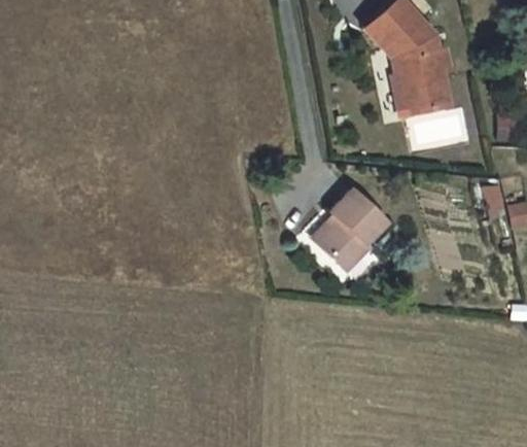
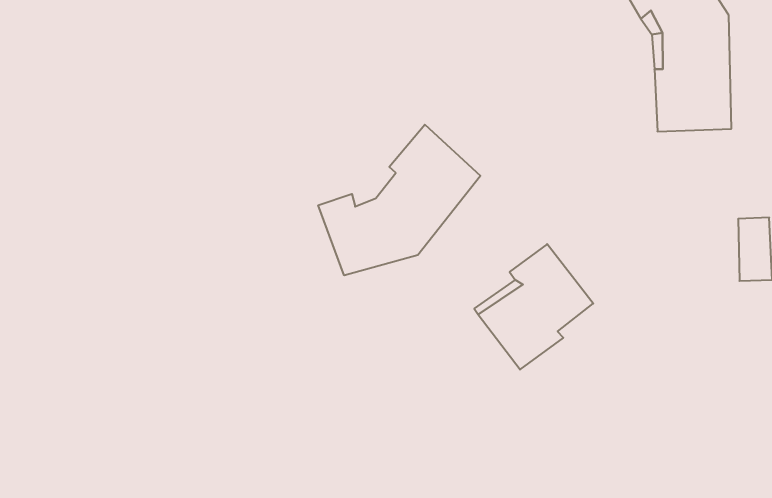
building: none -> [318,125,480,275]

